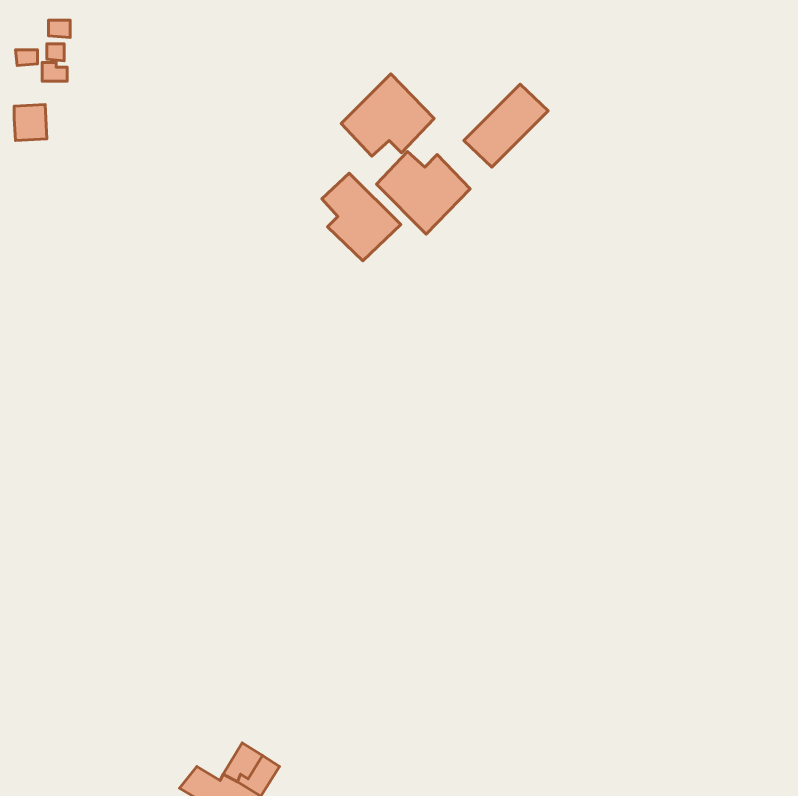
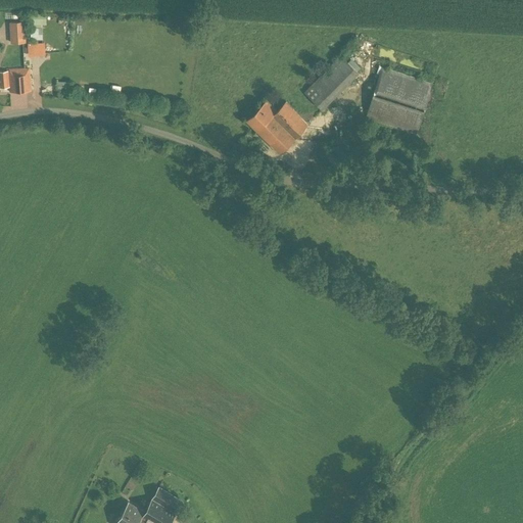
building: [341,74,434,156] -> none
building: none -> [366,68,432,134]
building: [322,173,401,261] -> none

